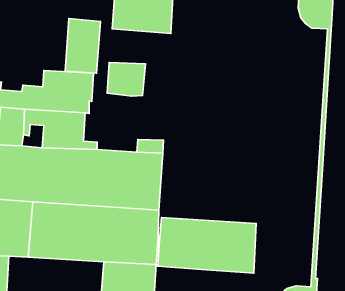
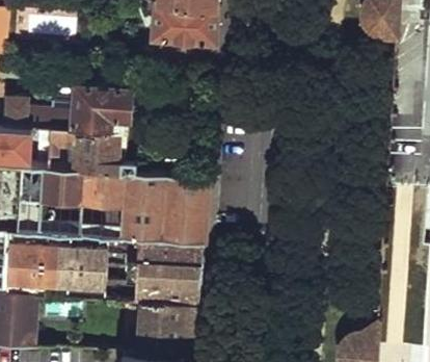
building: [65,18,101,73] -> none
building: [107,63,146,96] -> none
building: [158,218,256,273] -> none

